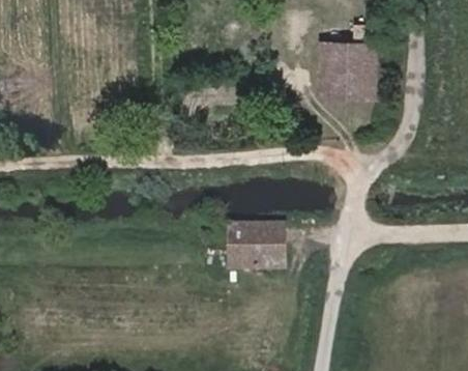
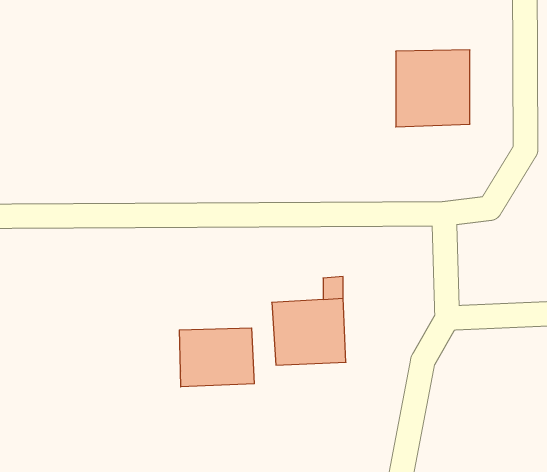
building: none -> [179,328,254,387]

